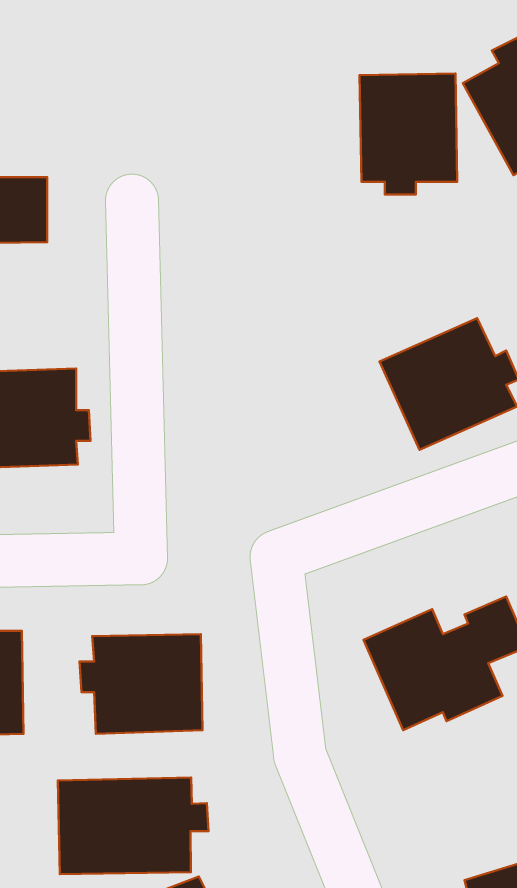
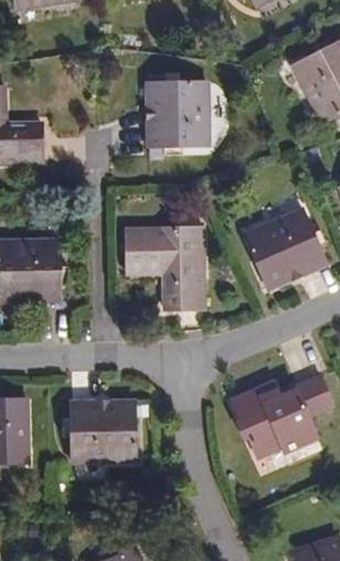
building: [360,73,457,194] -> [148,79,207,152]
building: none -> [126,227,204,309]
building: [58,777,209,874] -> none

